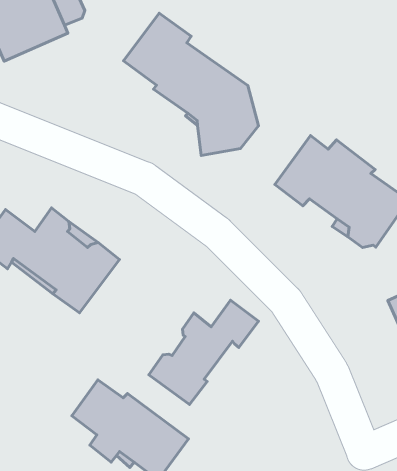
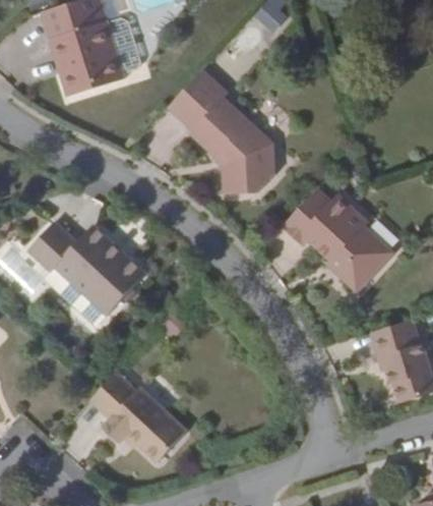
building: [149,300,258,405] -> none

